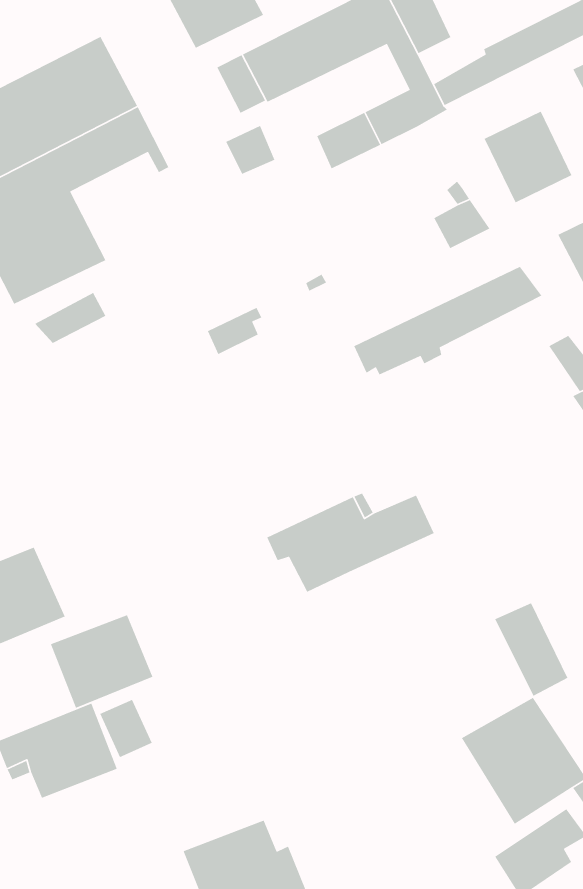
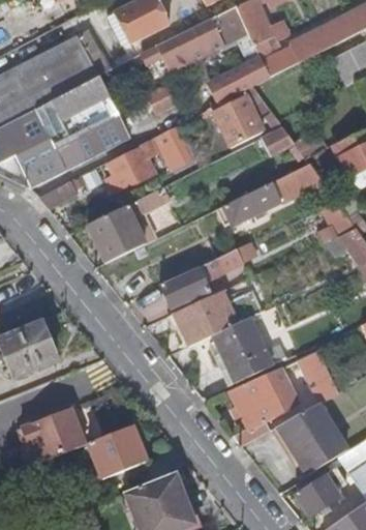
building: [484,111,573,203] -> [213,94,263,146]
building: none -> [60,100,129,160]
building: none -> [103,124,195,193]
building: none -> [87,205,145,262]
building: none -> [160,248,245,307]
building: none -> [215,318,272,382]
building: [50,614,154,709] -> [87,426,145,479]
building: none -> [231,367,299,445]

